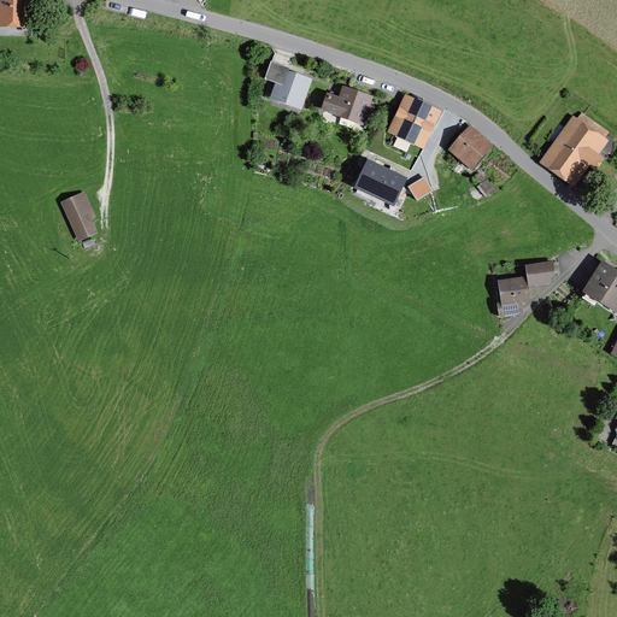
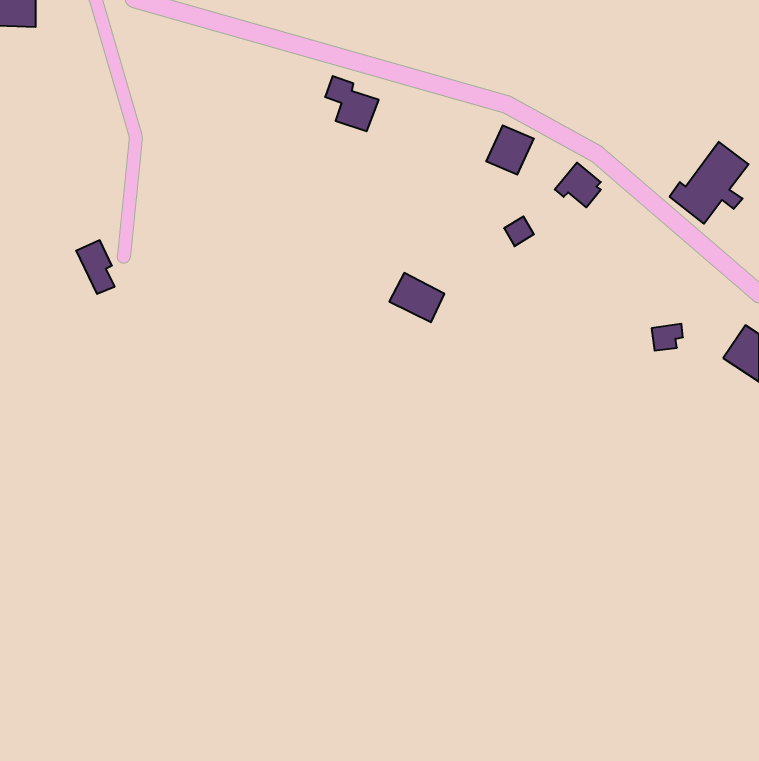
building: [322,89,368,122] -> none
building: [355,163,400,202] -> [389,273,444,322]
building: [496,278,528,316] -> none

